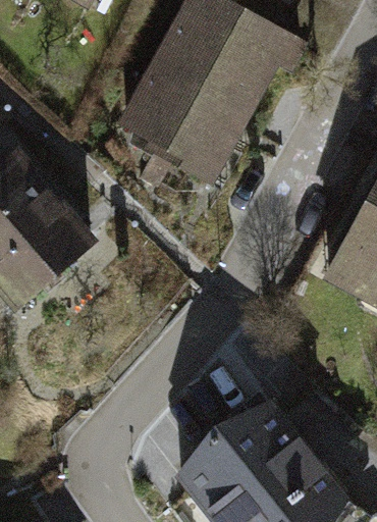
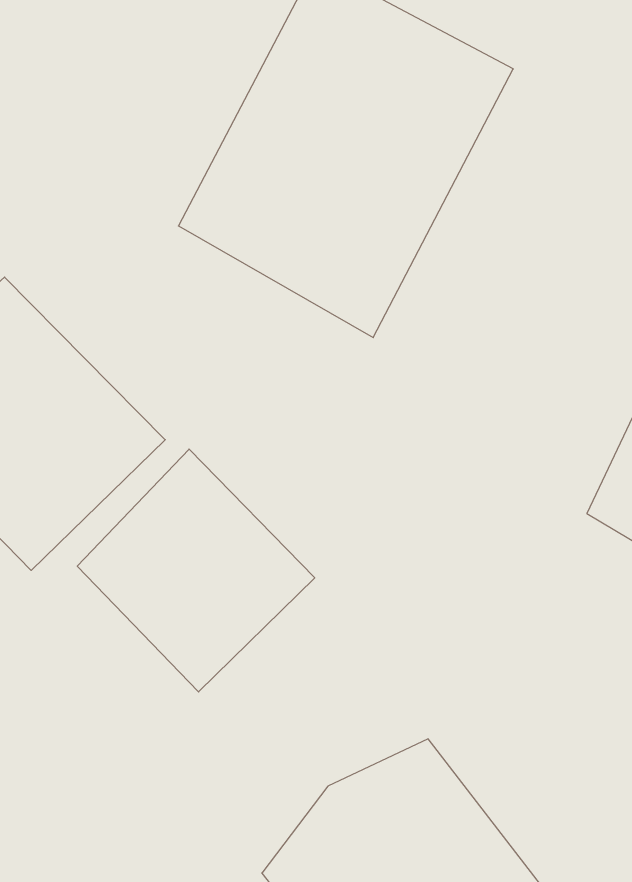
building: none -> [77,449,315,692]

